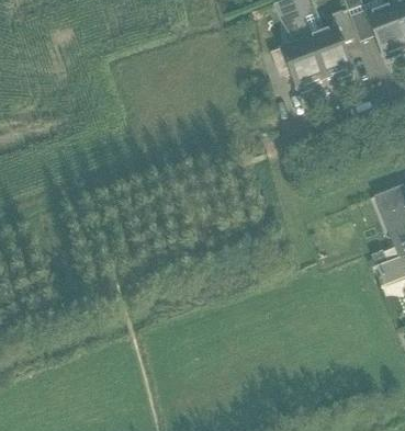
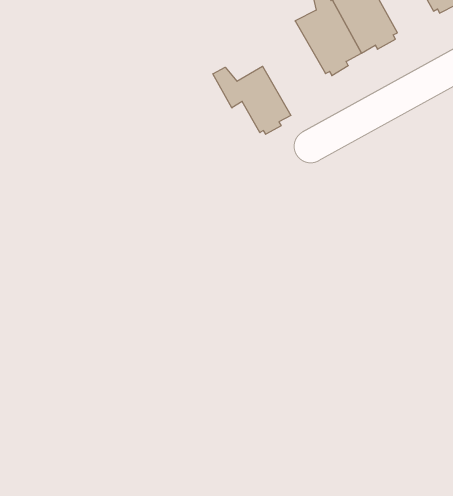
building: none -> [213,66,291,134]

